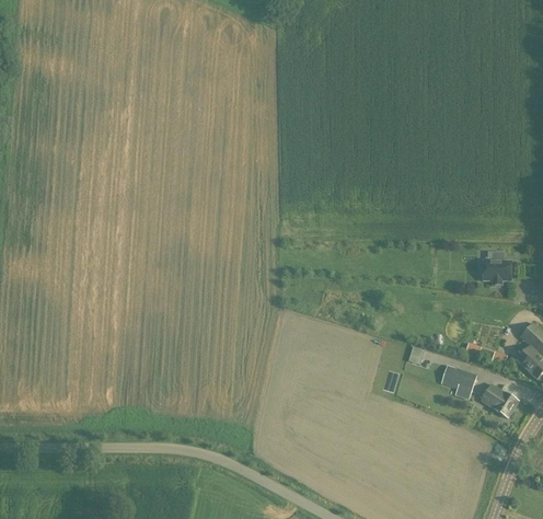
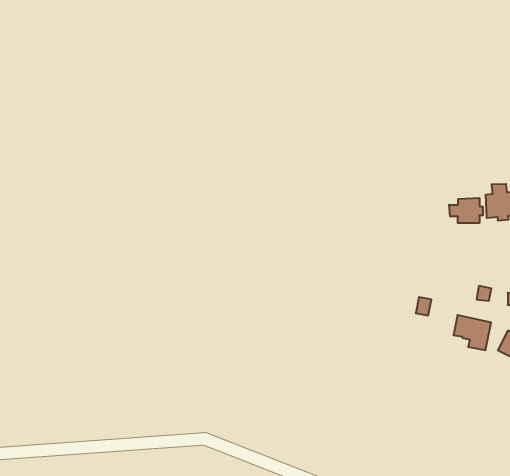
building: none -> [449,198,483,223]

